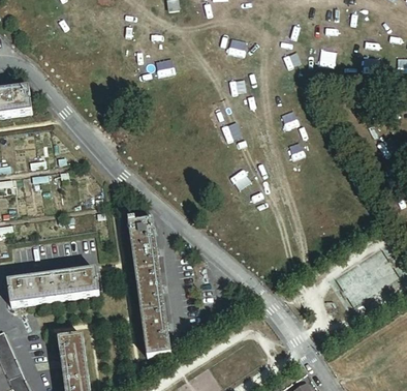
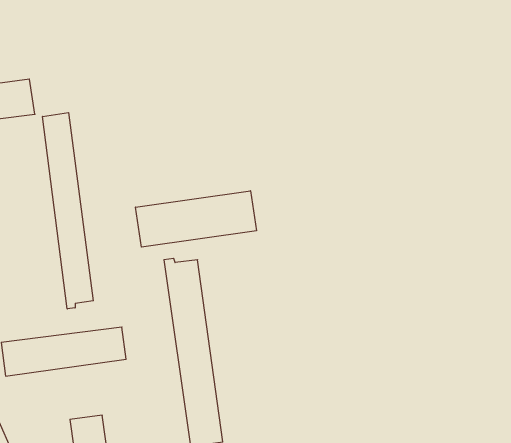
building: none -> [43,113,93,309]
building: none -> [136,191,256,247]

